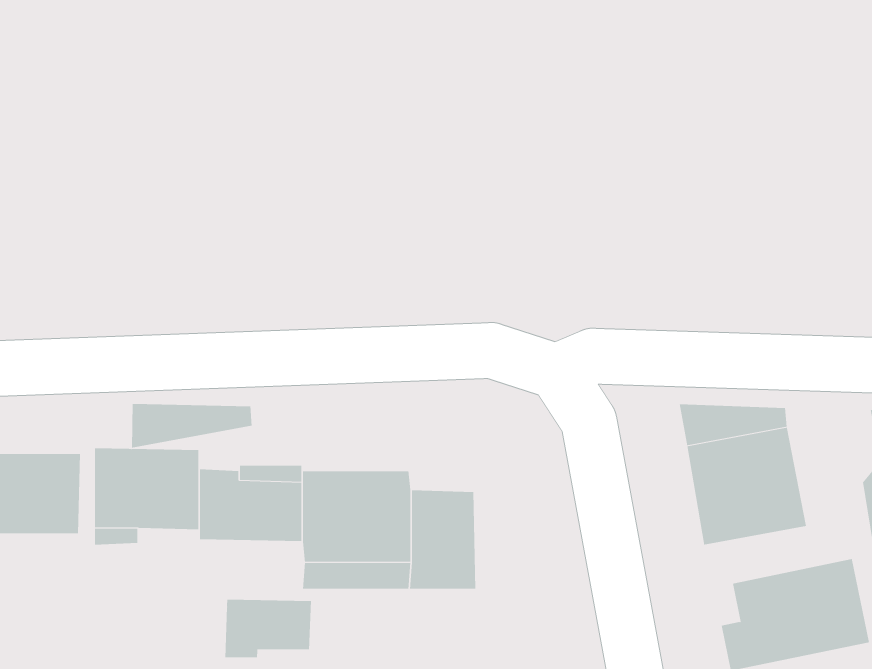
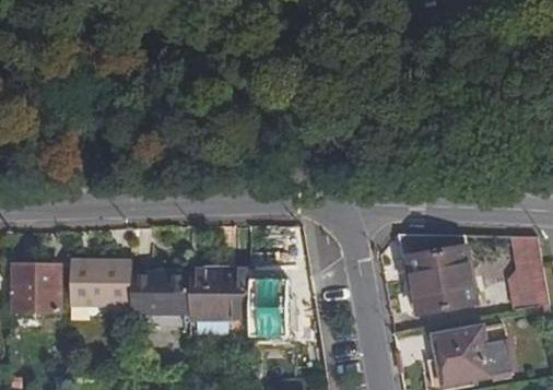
building: [131,403,252,449] -> none
building: [225,599,311,658] -> none

